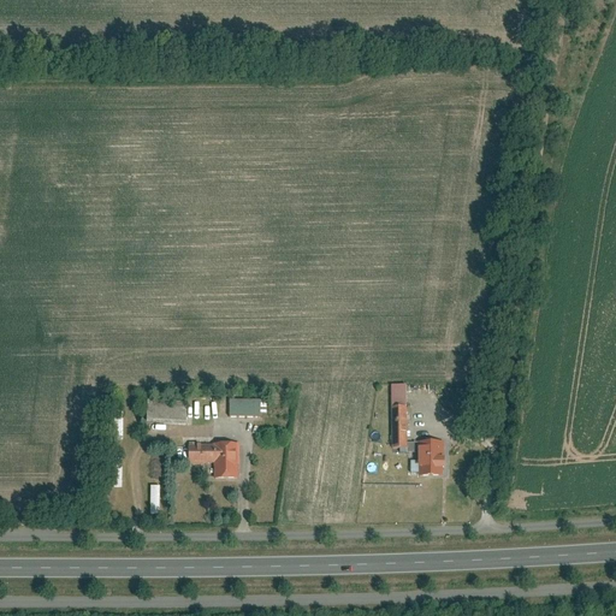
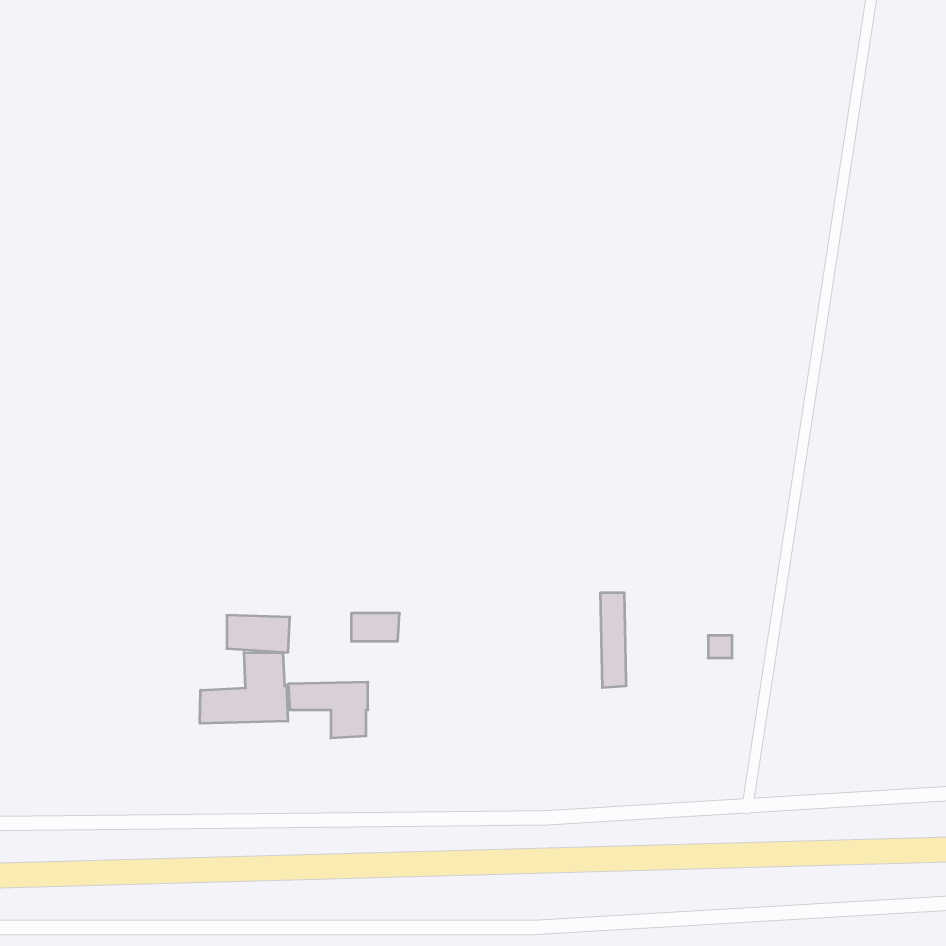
building: none -> [200,652,288,723]
building: [417,439,445,474] -> none

